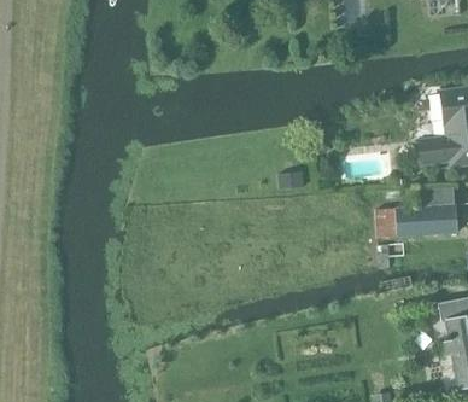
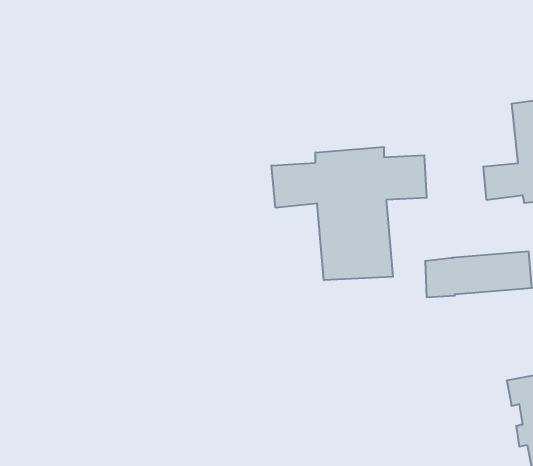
building: none -> [271,147,426,280]

